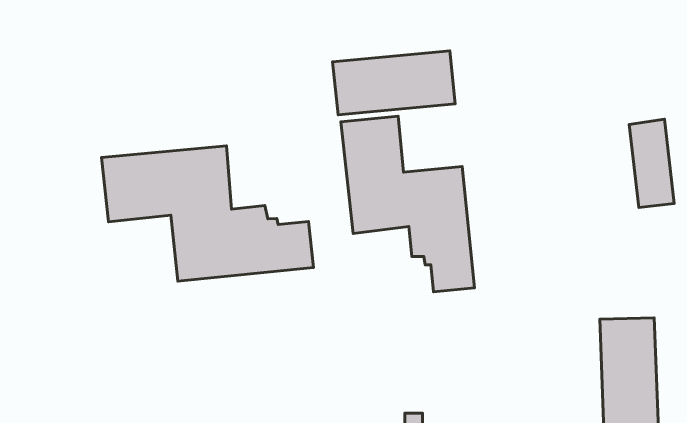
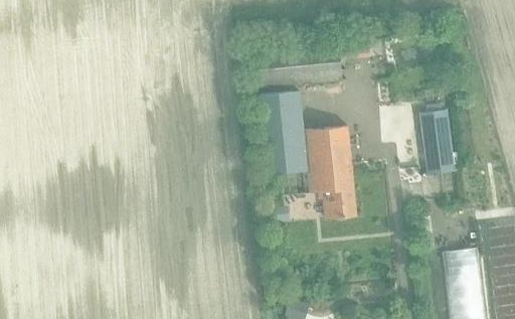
building: [629,119,674,208] -> [419,110,453,175]
building: [101,146,313,281] -> none

